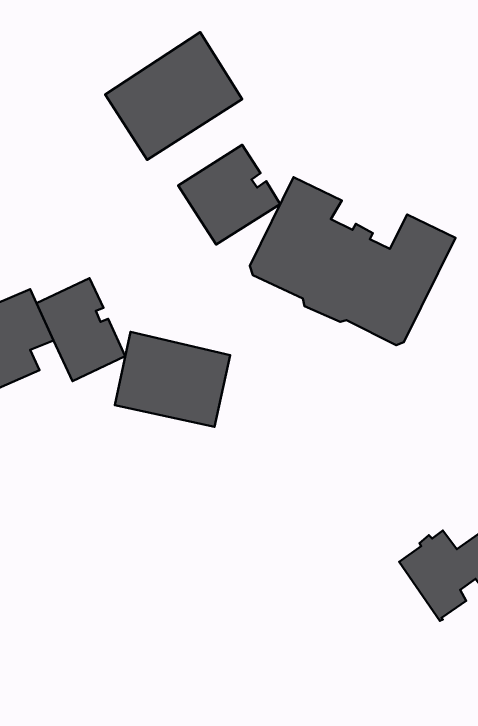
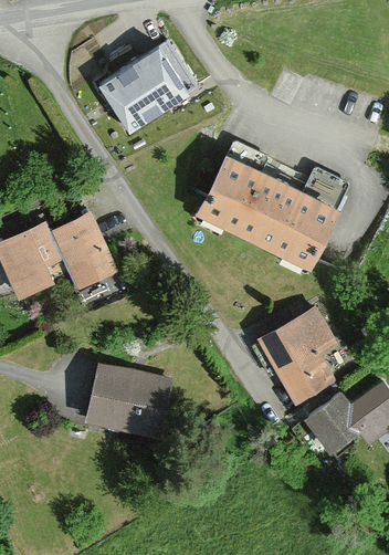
building: [178,145,280,245] -> none
building: [115,332,230,427] -> [87,367,169,434]
building: none -> [260,311,335,410]

